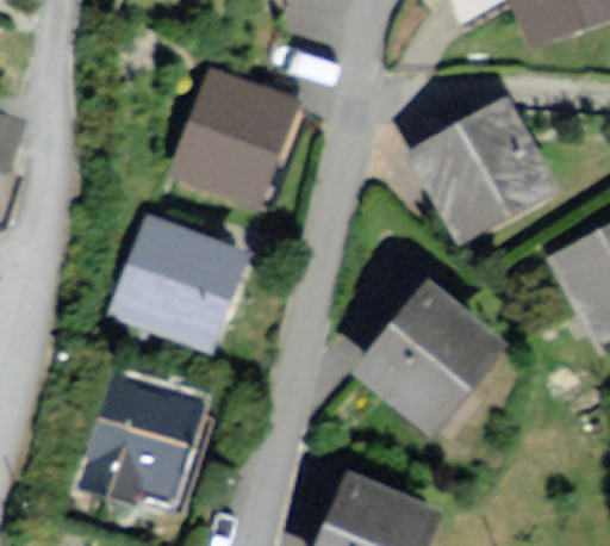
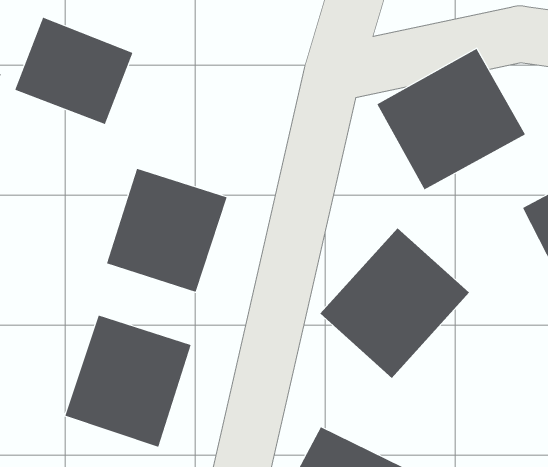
building: none -> [14,17,133,125]
building: [178,70,305,207] -> none

